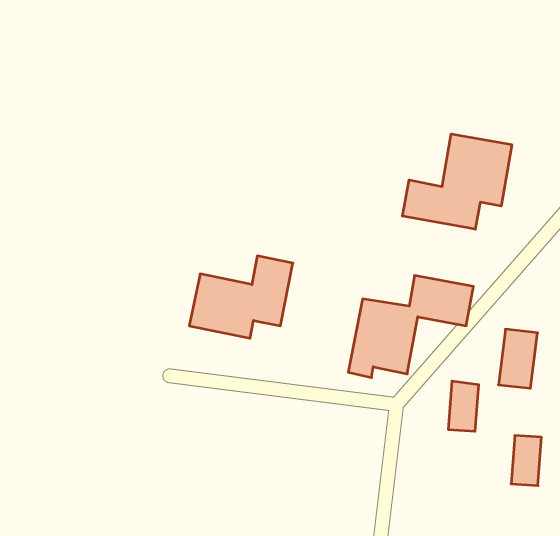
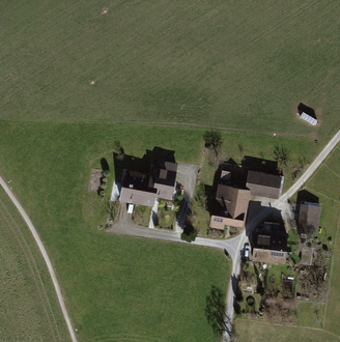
building: [402,134,512,229] -> none
building: [511,436,541,486] -> [253,230,271,259]

